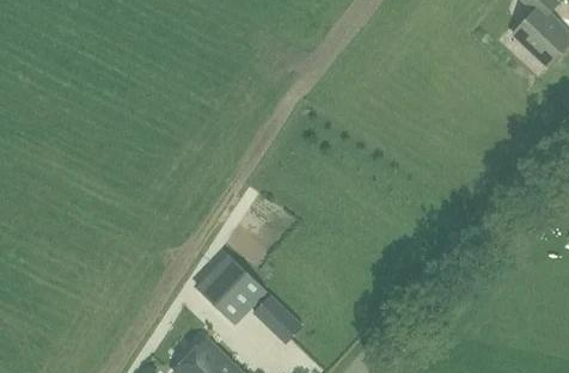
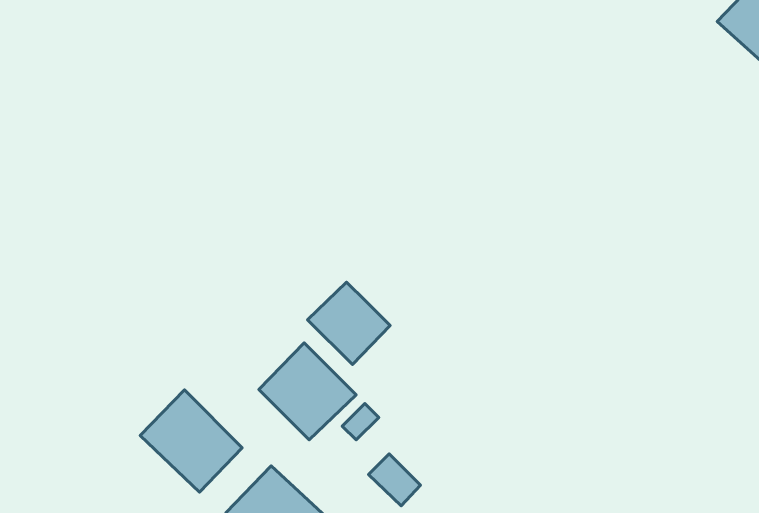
building: none -> [308,282,390,365]
building: none -> [140,390,242,492]

